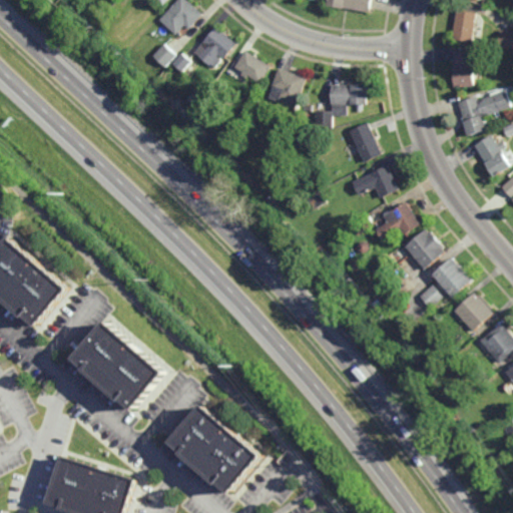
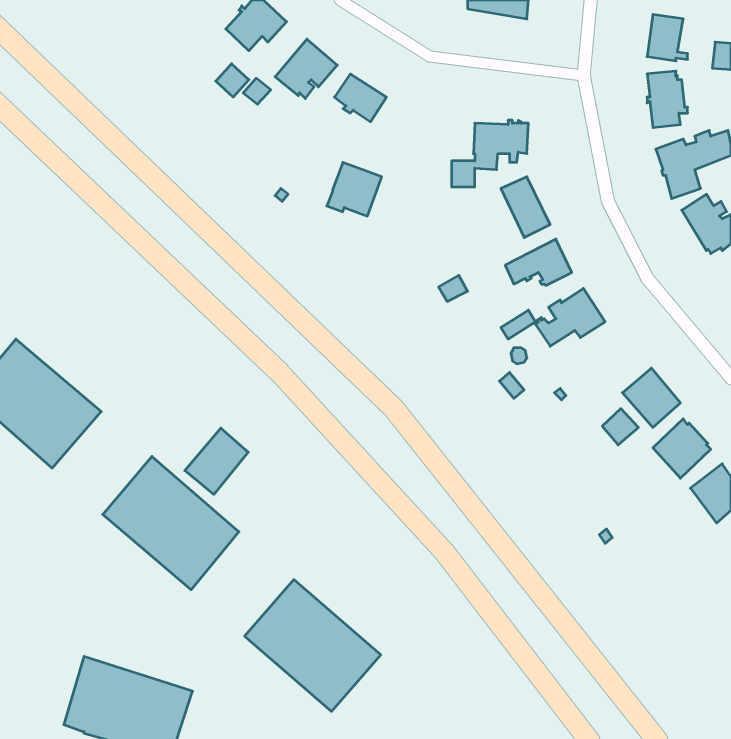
building: [265,69,303,106] -> [327,162,382,216]
building: [401,228,444,272] -> none
building: none -> [185,428,248,494]

